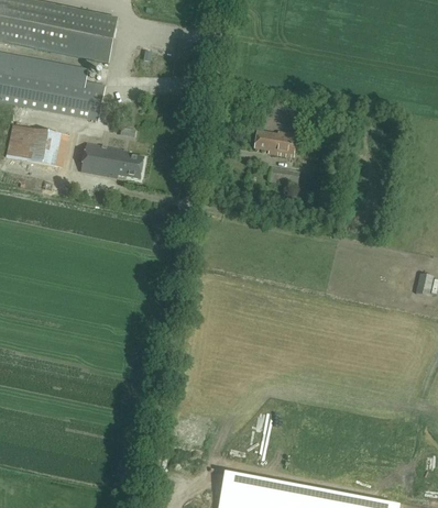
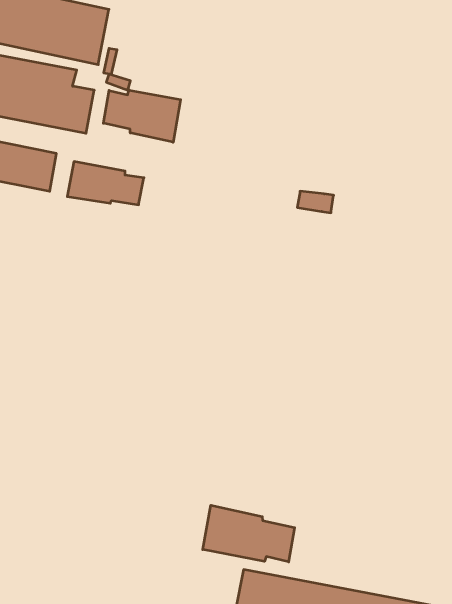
building: none -> [103,90,181,142]
building: [255,130,297,155] -> none
building: none -> [203,505,295,562]

